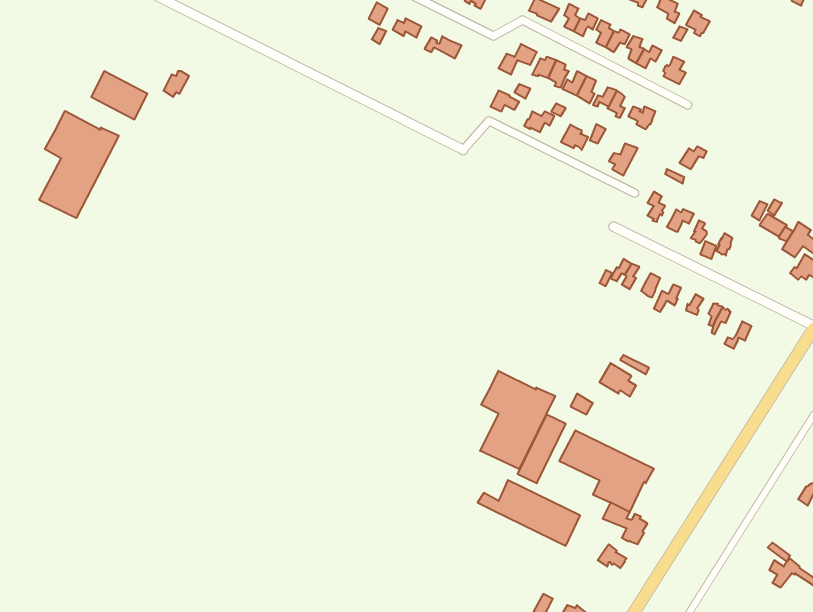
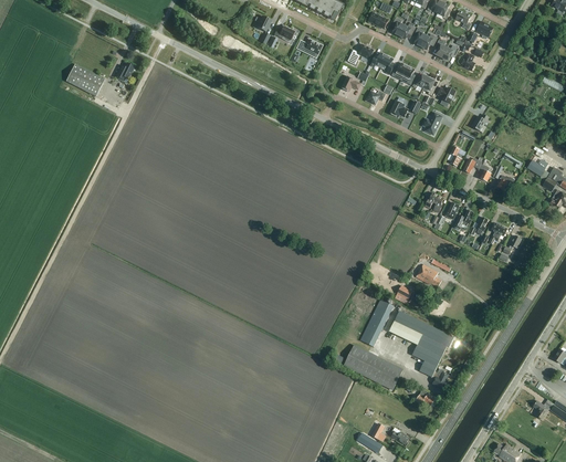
building: [39,111,119,218] -> none
building: [480,371,555,469] -> none

